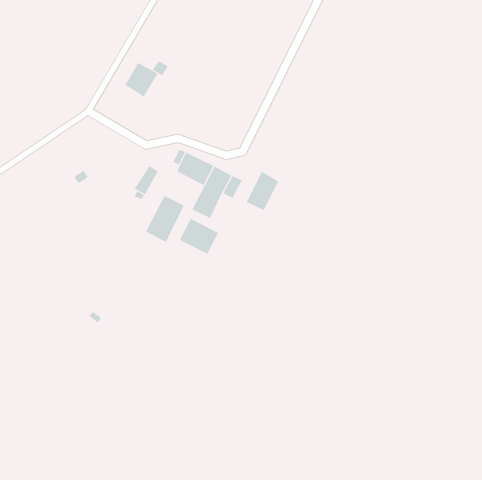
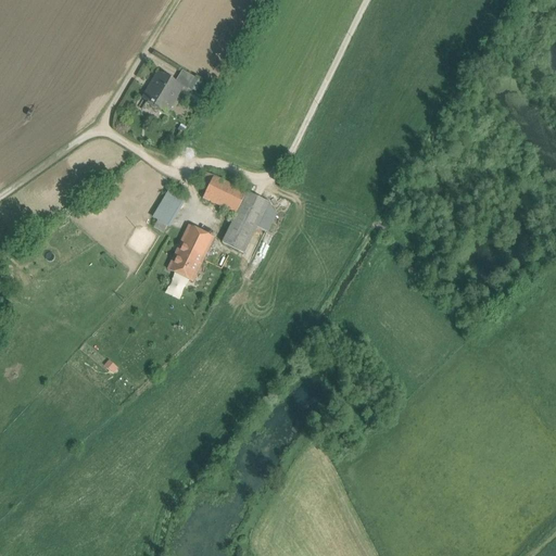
building: [246,171,279,211] -> none
building: [179,218,219,255] -> none

